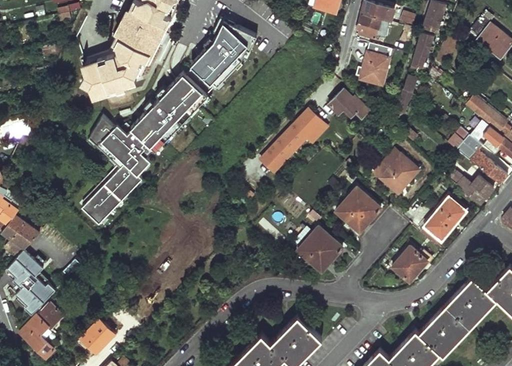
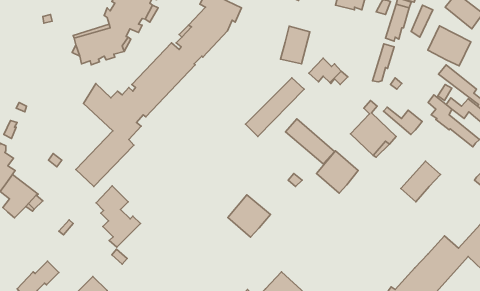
building: [359,45,390,85] -> [281,26,310,64]
building: none -> [428,26,471,66]
building: none -> [286,119,335,164]
building: [453,174,494,203] -> [383,107,422,135]
building: [298,226,343,271] -> [228,195,270,237]
building: [393,247,427,282] -> none
building: [10,251,57,316] -> [96,186,141,247]

